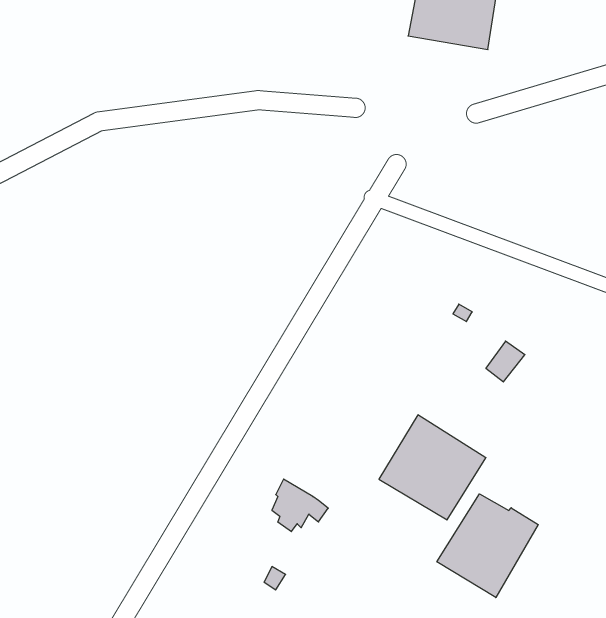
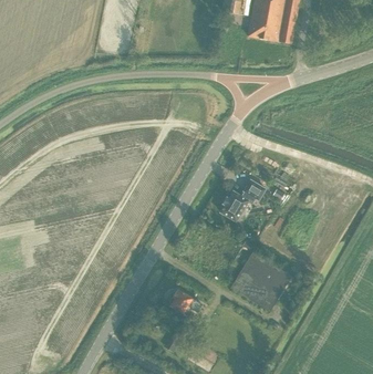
building: none -> [219,179,265,220]
building: [437,494,538,598] -> none

